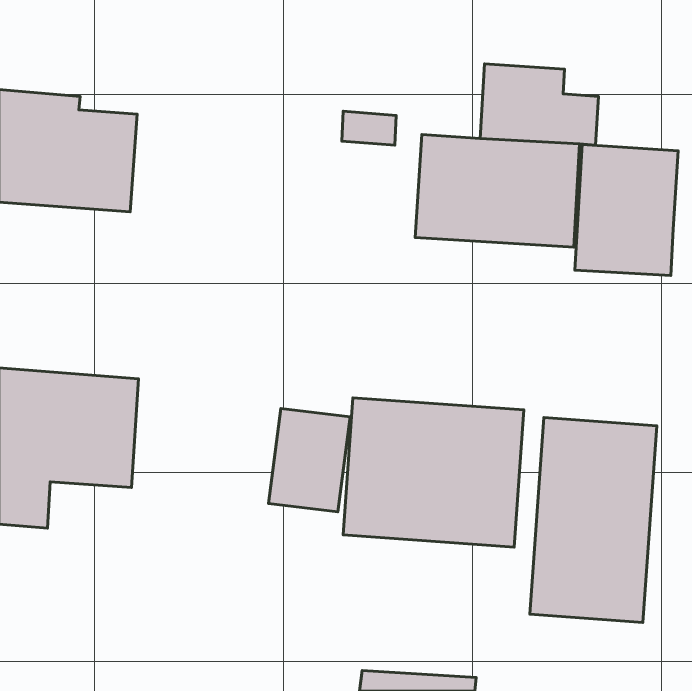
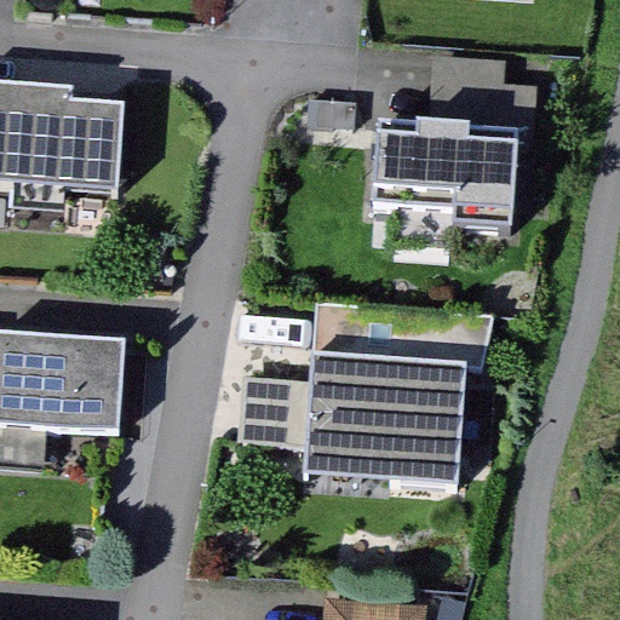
building: [575,144,678,276] -> none
building: [530,417,657,623] -> none

